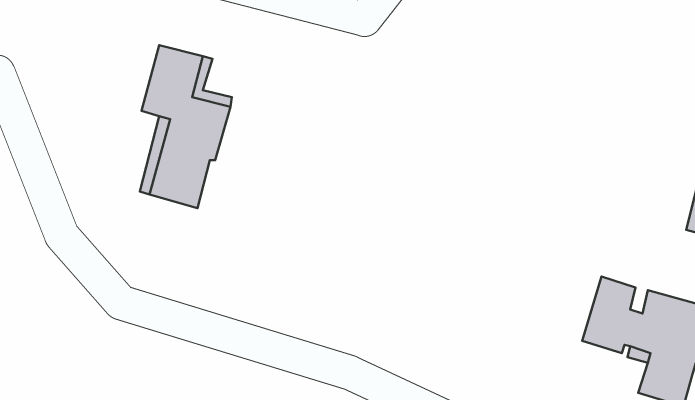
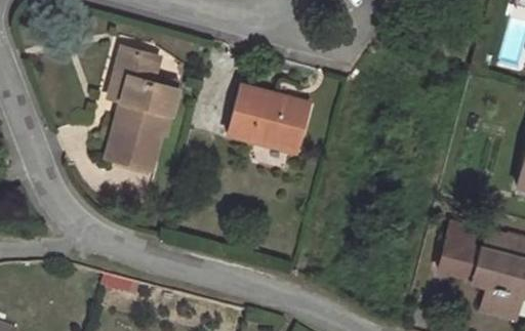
building: none -> [228,83,311,152]

